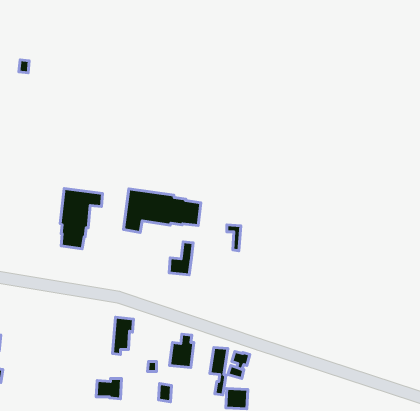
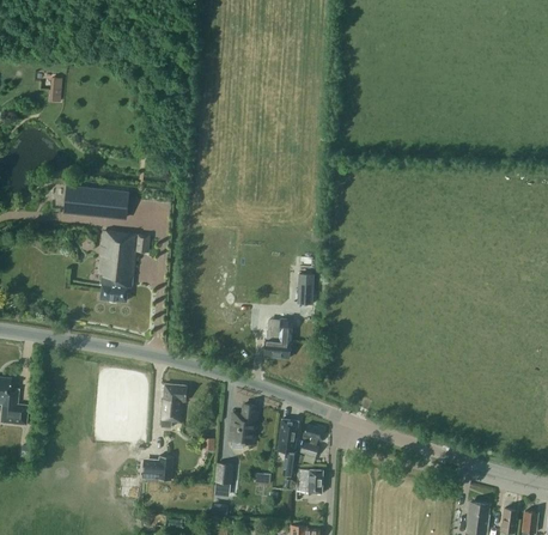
building: none -> [63,186,127,218]
building: [124,189,201,232] -> none
building: [169,242,193,275] -> [263,318,292,358]

